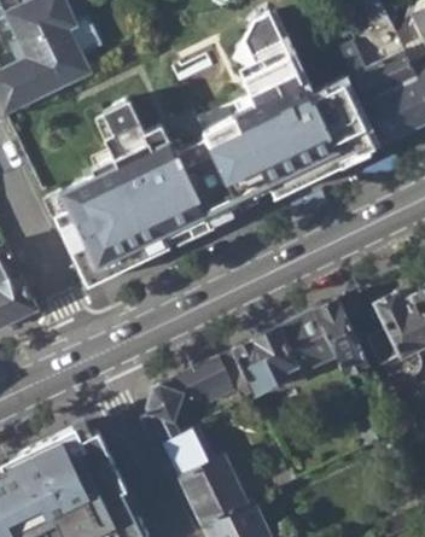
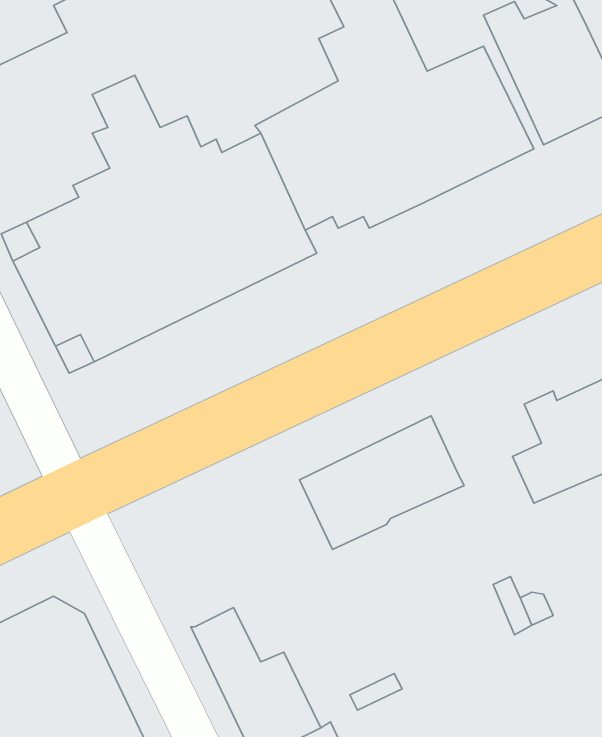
building: [314,299,366,375] -> none
building: [147,351,252,443] -> none

